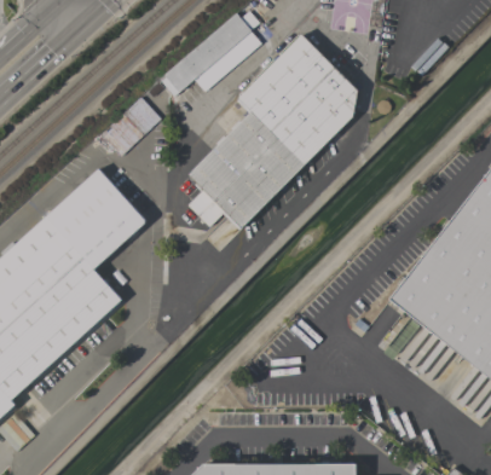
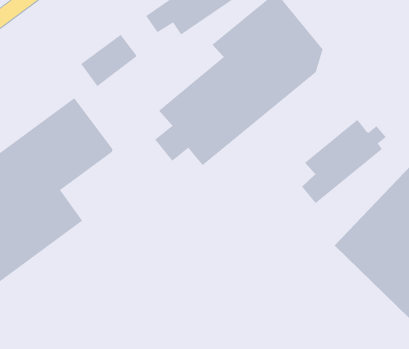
building: none -> [301,119,387,204]

